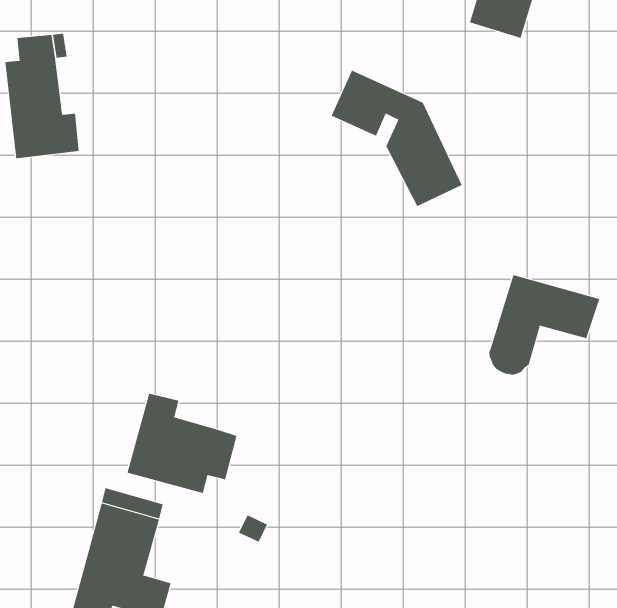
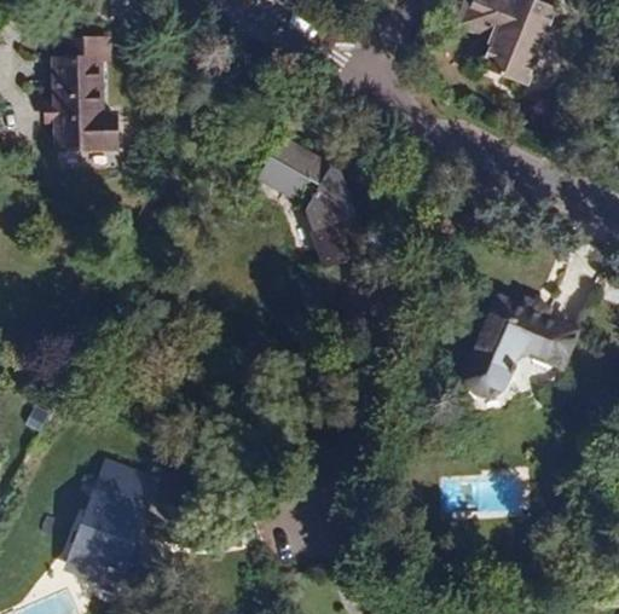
building: [331,70,462,207] -> [255,138,369,268]
building: [127,393,237,494] -> none

